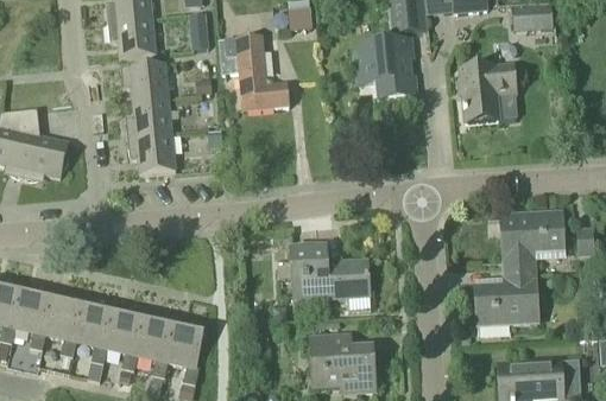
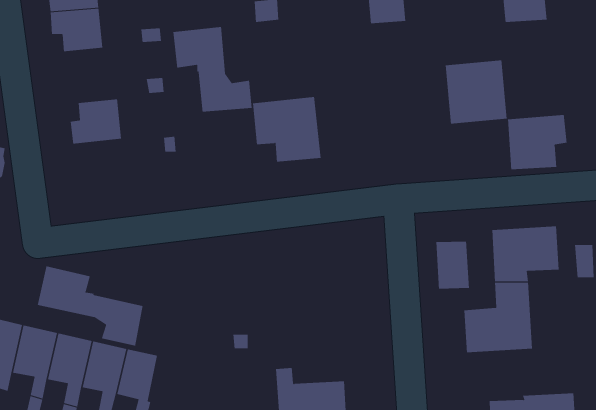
building: [354,38,416,96] -> [252,97,322,162]
building: [121,62,169,102] -> none
building: none -> [508,114,567,170]
building: [128,134,176,174] -> none
building: none -> [436,241,469,289]
building: [290,246,368,300] -> none
building: none -> [37,266,143,347]

